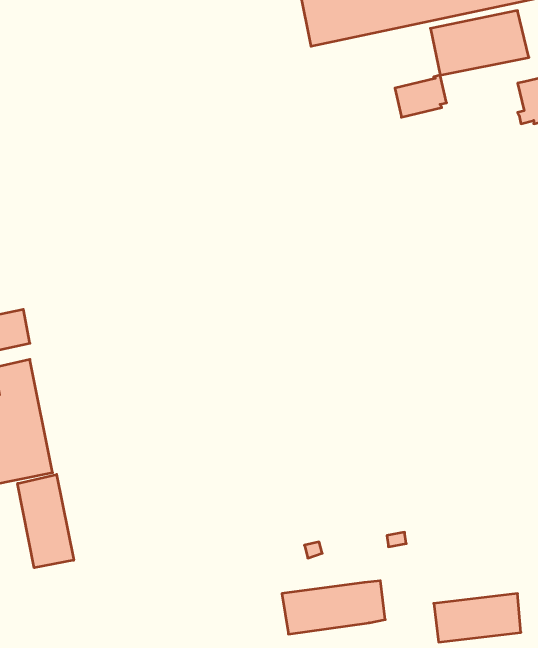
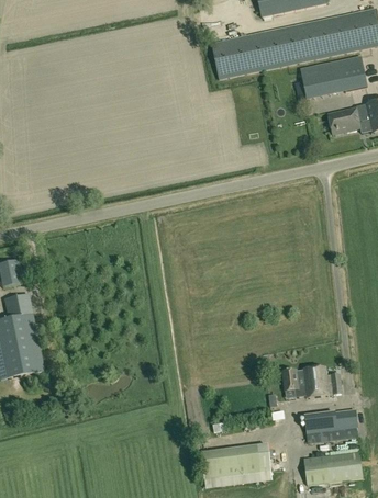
building: [395,75,447,117] -> [330,105,365,134]
building: none -> [282,366,343,398]
building: [18,474,74,568] -> none
building: none -> [304,409,359,443]

